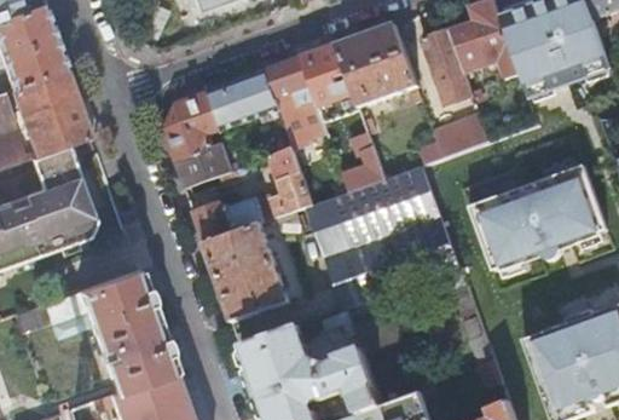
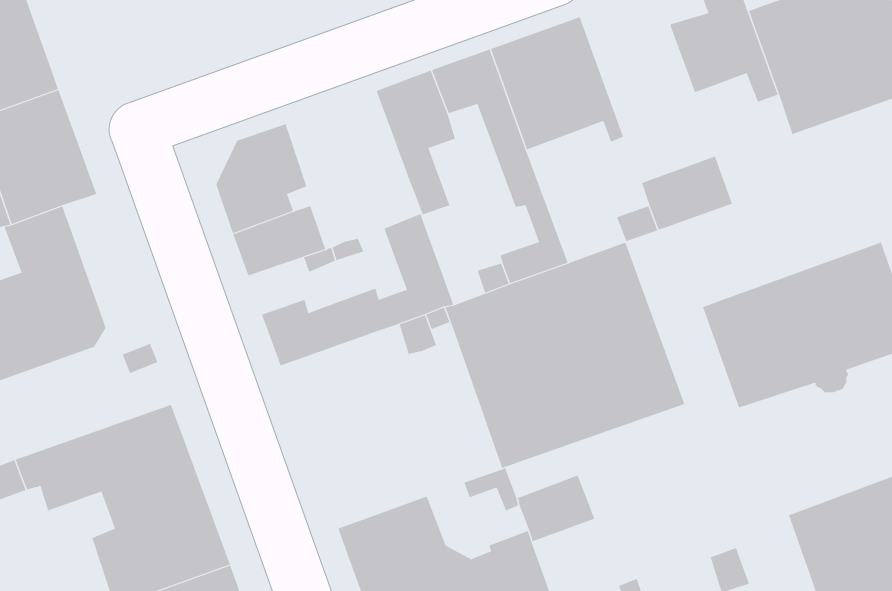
building: [421,27,473,99] -> none
building: [207,68,283,128] -> none
building: [203,221,289,321] -> none

